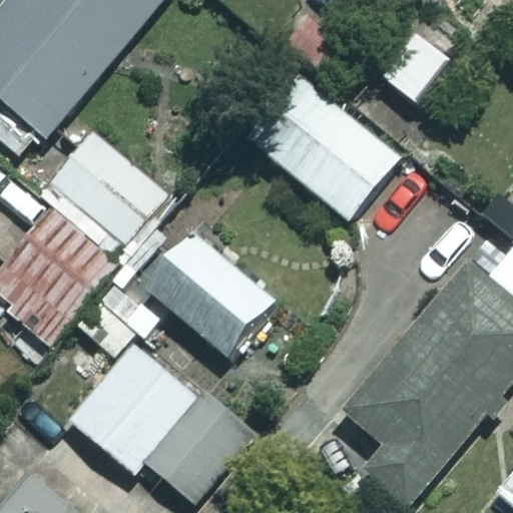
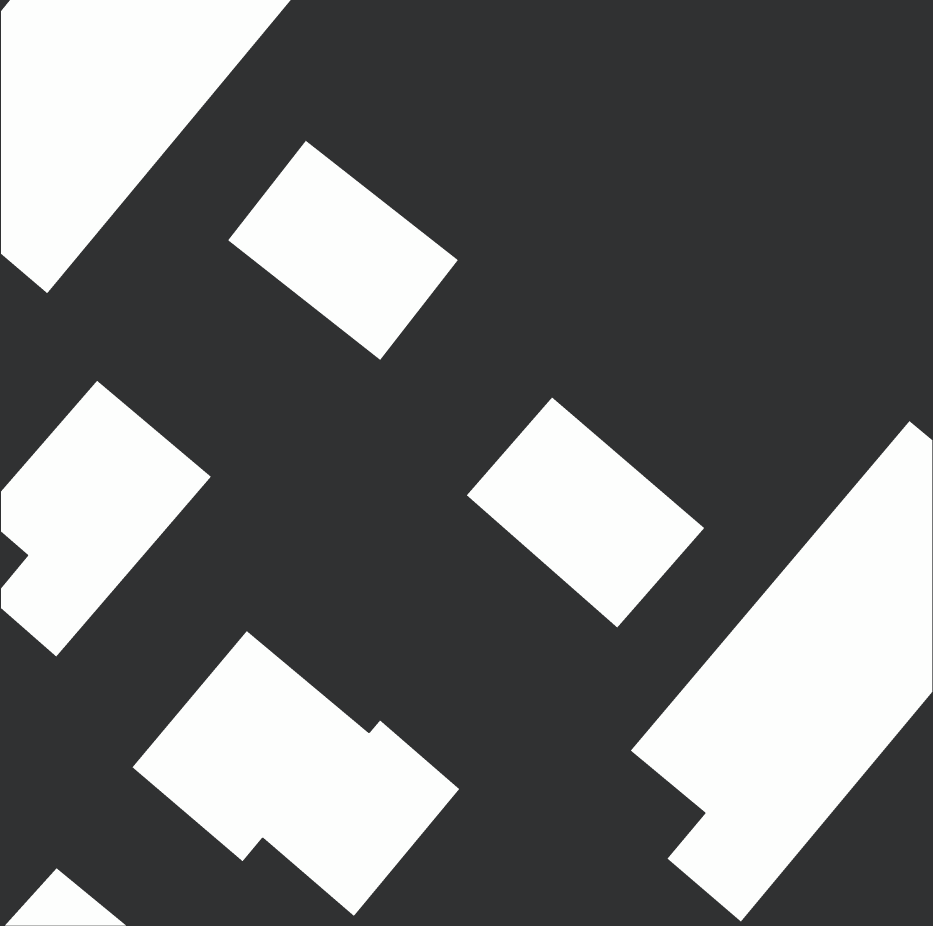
building: [246,74,398,217] -> none
building: [47,132,174,253] -> [227,140,459,361]
building: [143,228,275,356] -> [466,397,705,628]

